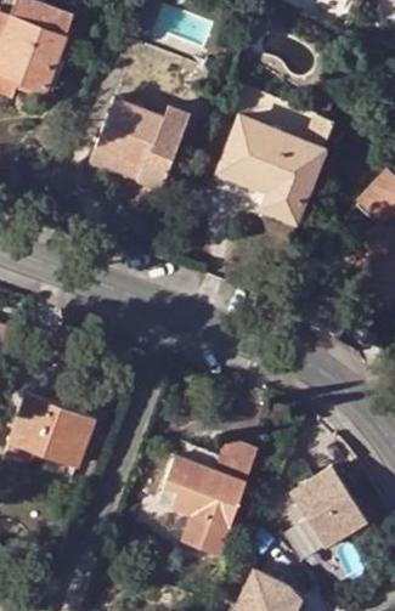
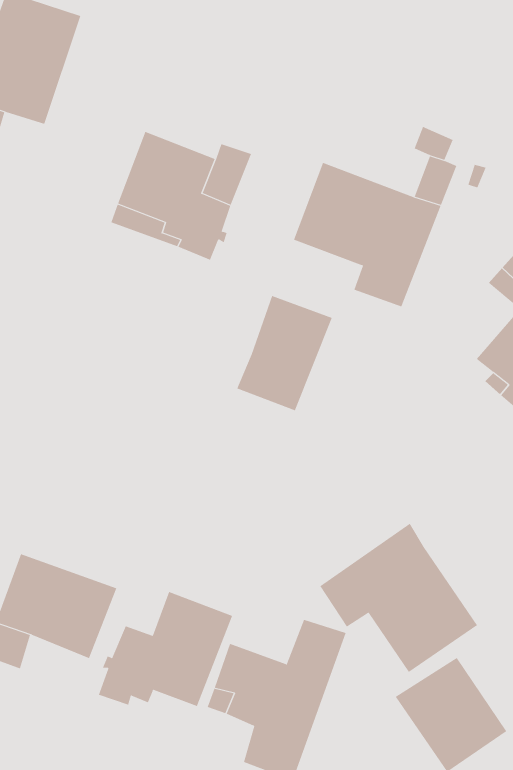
building: none -> [237,295,333,411]
building: none -> [319,523,478,673]
building: none -> [98,591,233,707]

